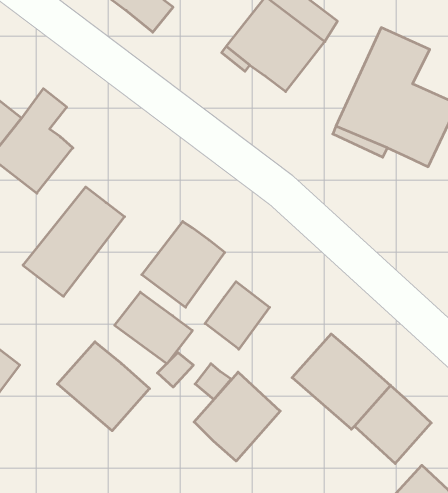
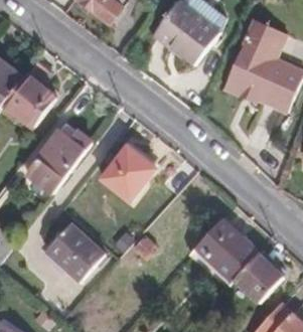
building: [205,282,270,349] -> none
building: [115,292,192,364] -> none
building: [194,372,280,461] -> none

